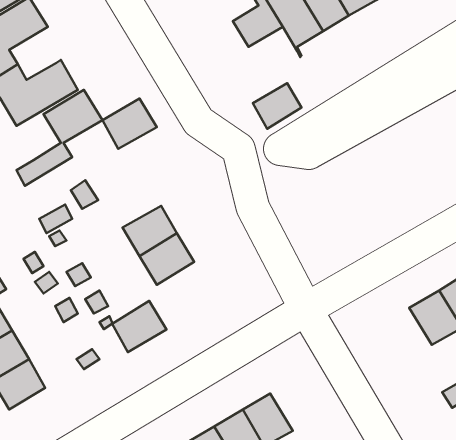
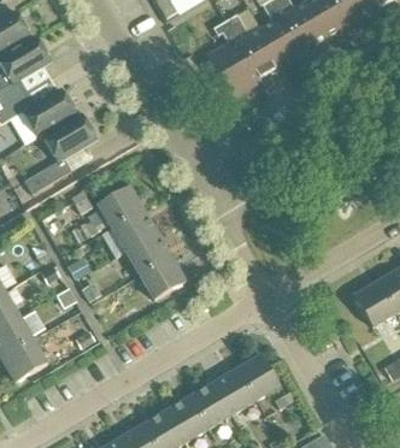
building: [253,83,302,129] -> [219,60,260,99]
building: [102,99,157,149] -> [100,187,146,229]
building: [112,301,167,352] -> [142,258,188,301]
building: none -> [237,354,280,400]

